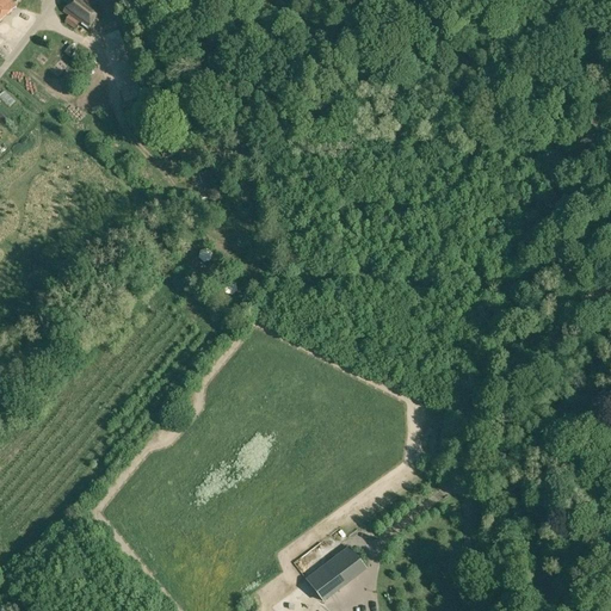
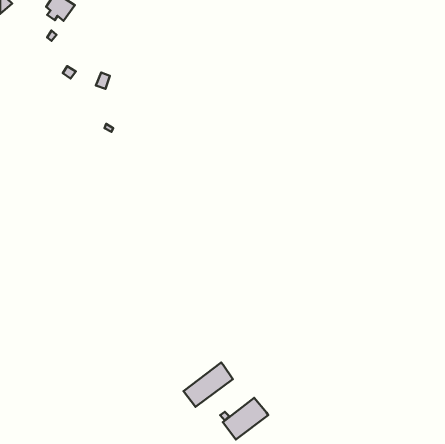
building: none -> [183,363,233,407]

